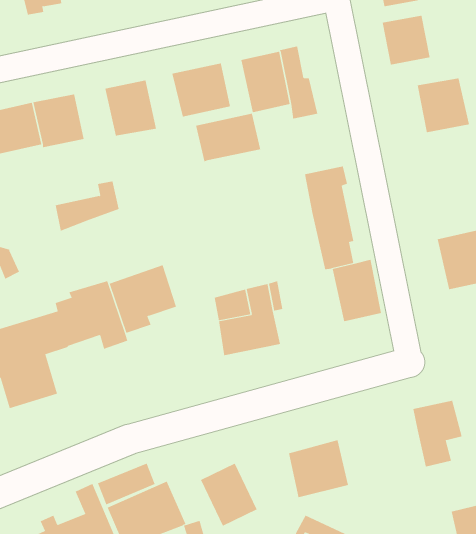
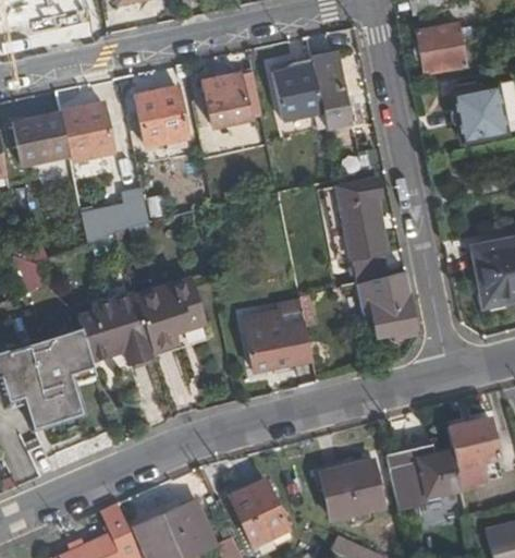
building: [196,113,261,162] -> none
building: none -> [387,444,462,509]

